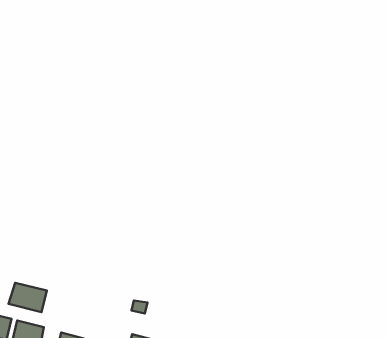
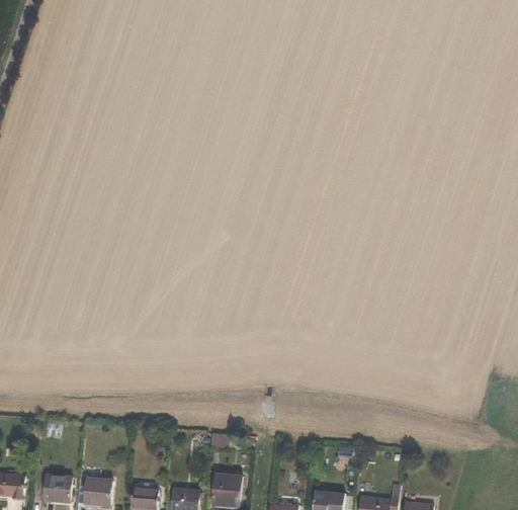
building: [9,283,47,312] -> none

